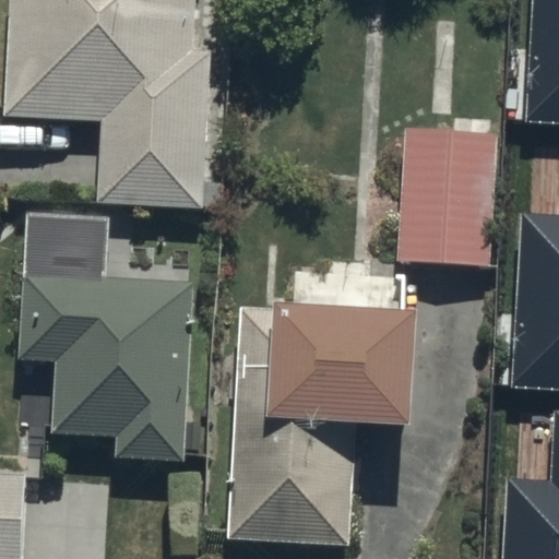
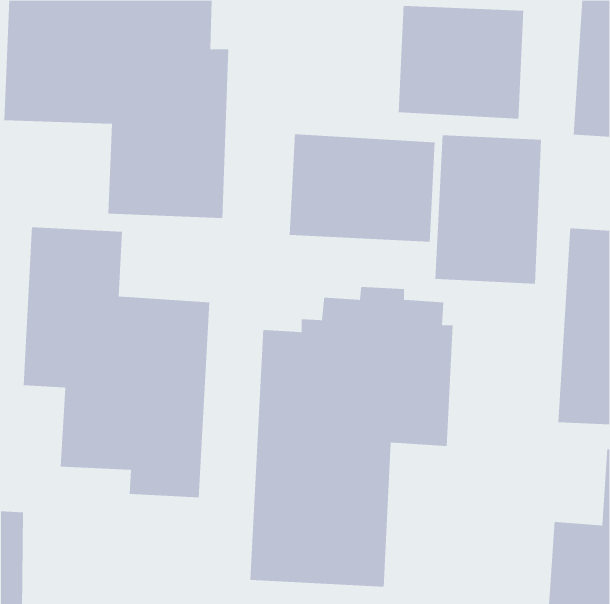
building: none -> [398,5,524,119]
building: none -> [289,134,435,243]

